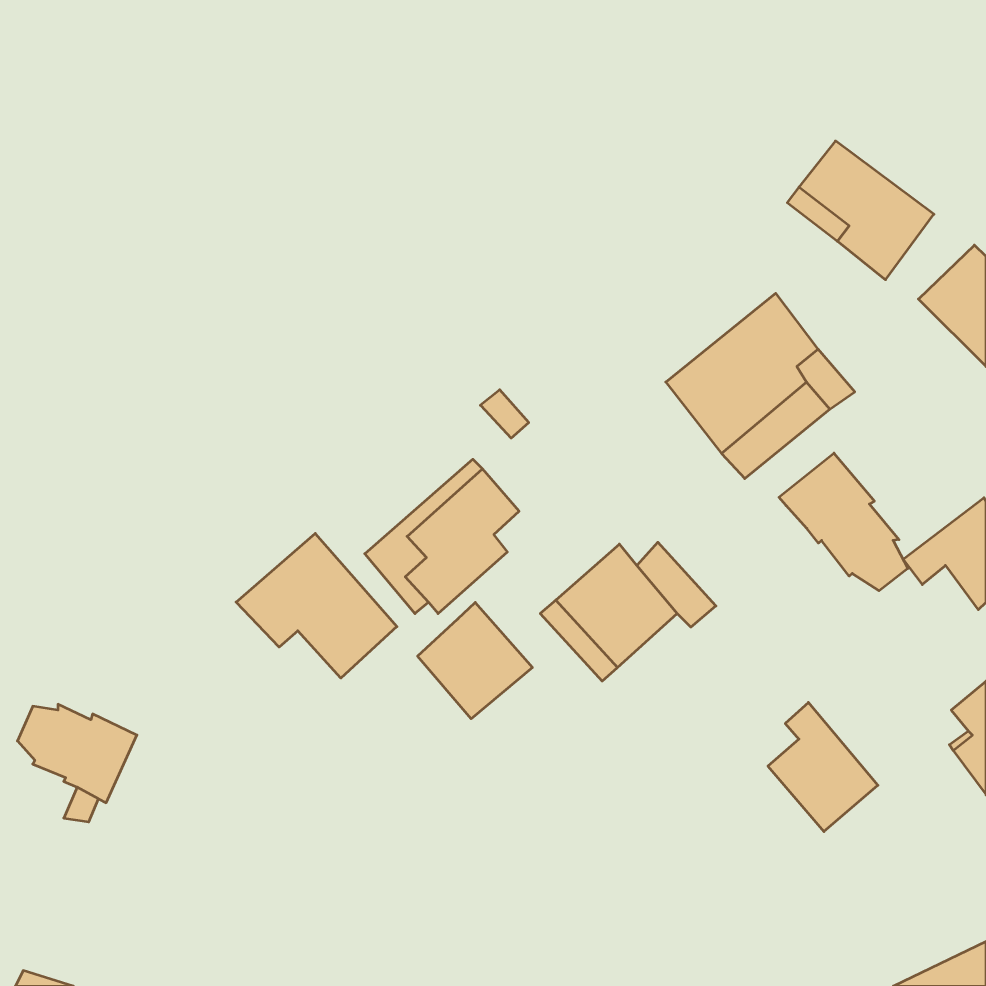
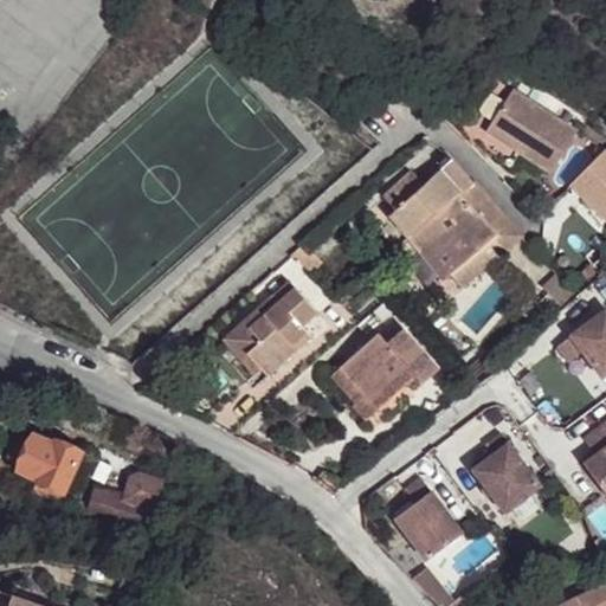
building: none -> [383,157,476,234]
building: [779,453,908,591] -> none
building: [236,533,397,678] -> none
building: [418,602,532,719] -> none
building: none -> [88,475,165,529]
building: none -> [394,478,462,560]

